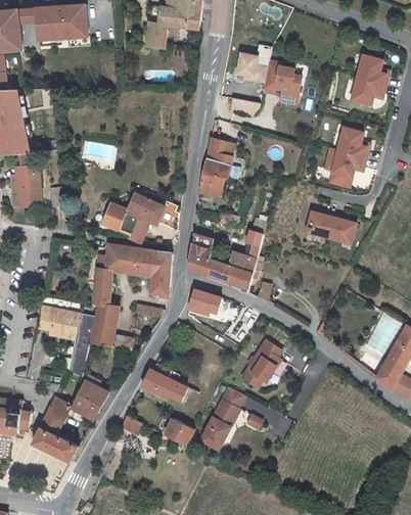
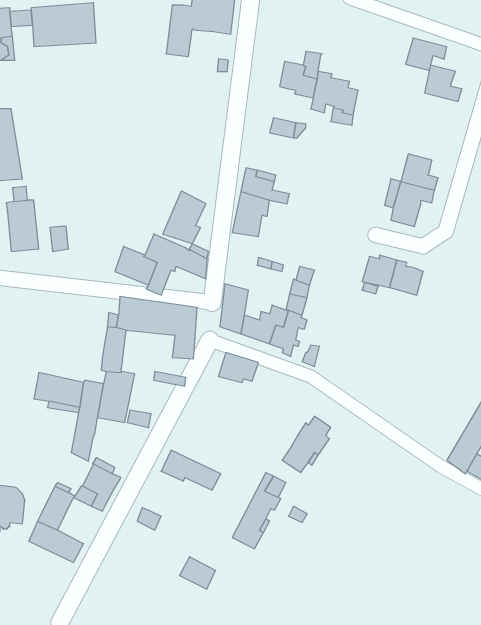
building: [351,77,384,103] -> [406,38,447,71]
building: none -> [163,191,206,244]
building: [164,419,193,446] -> [179,557,216,589]

